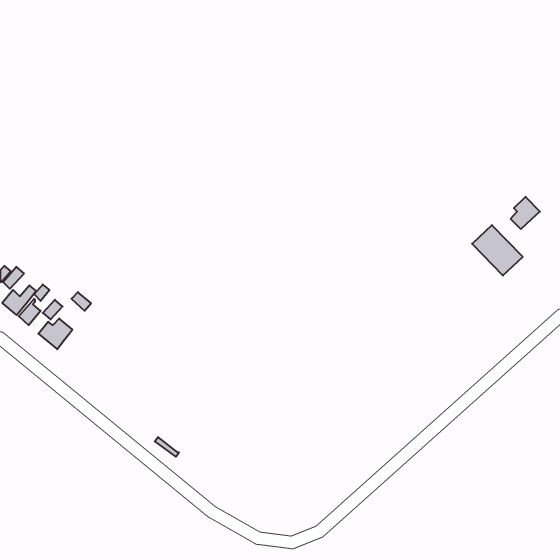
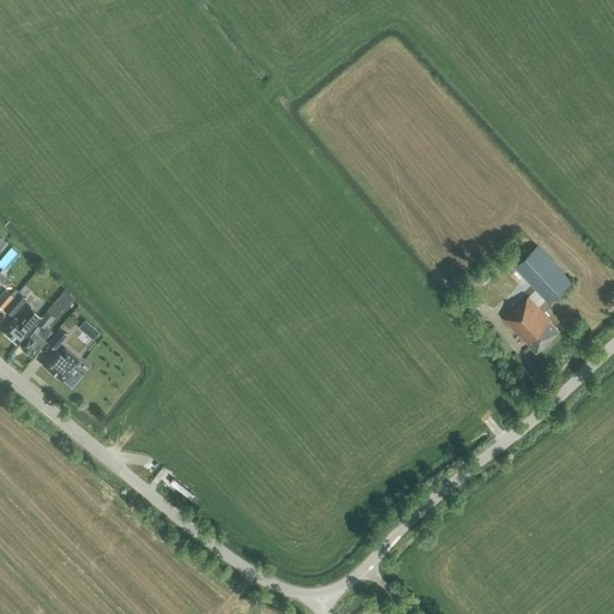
building: [511,197,540,229] -> none
building: none -> [504,297,560,354]

